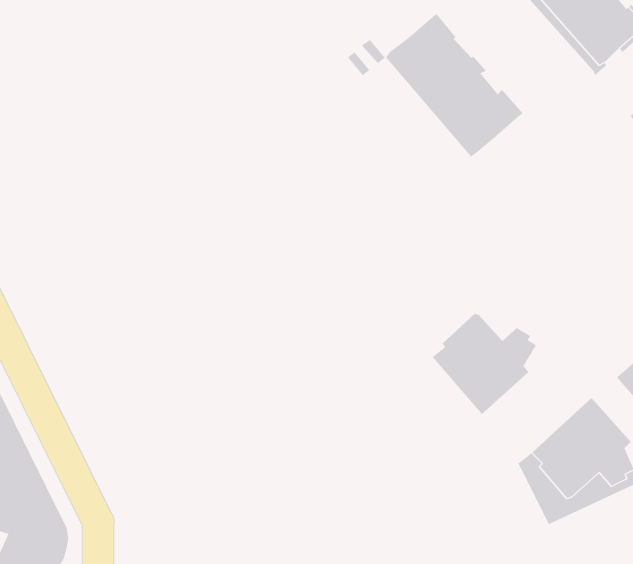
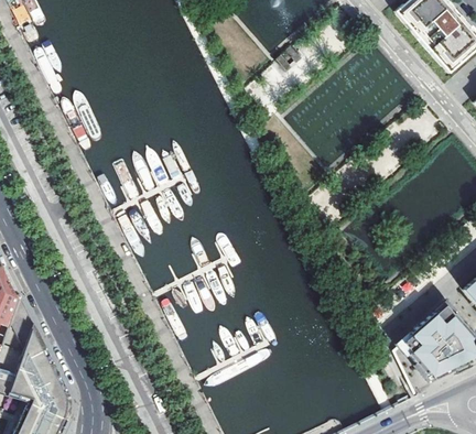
building: [386,13,524,157] -> none
building: [432,313,537,415] -> none

